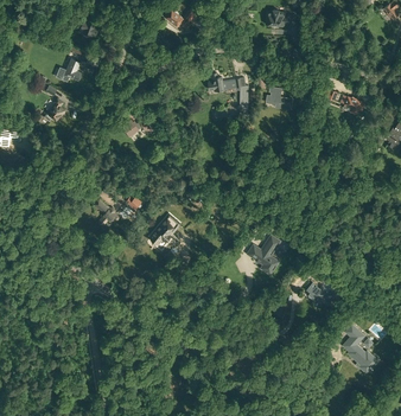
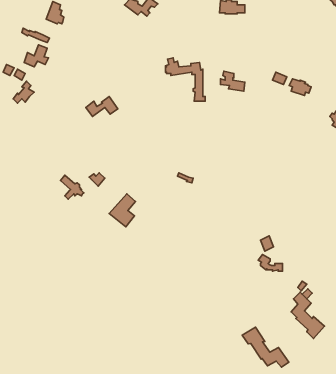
building: [249,233,281,271] -> none
building: none -> [242,327,289,367]

